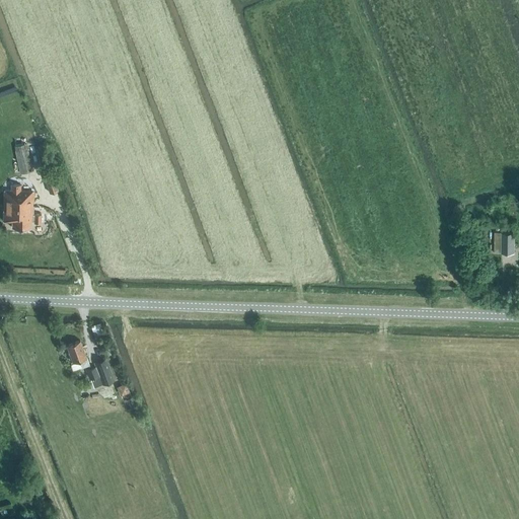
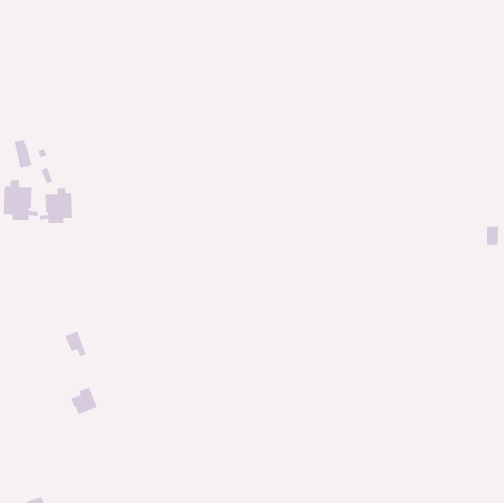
building: none -> [39,187,73,224]
building: [85,359,114,388] -> [70,387,98,415]

